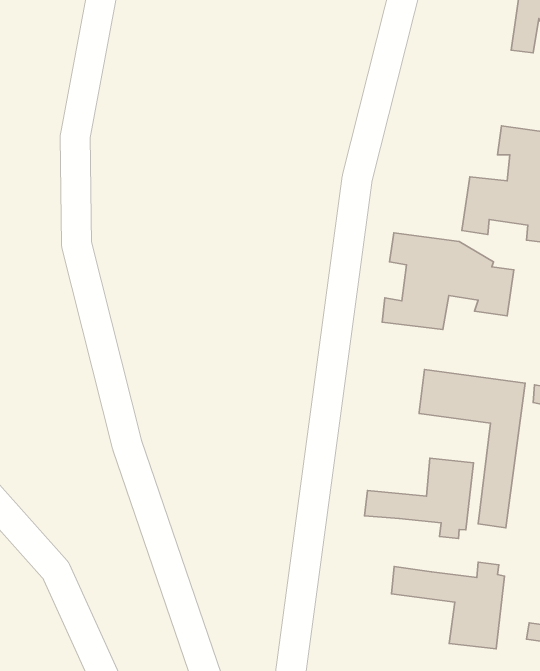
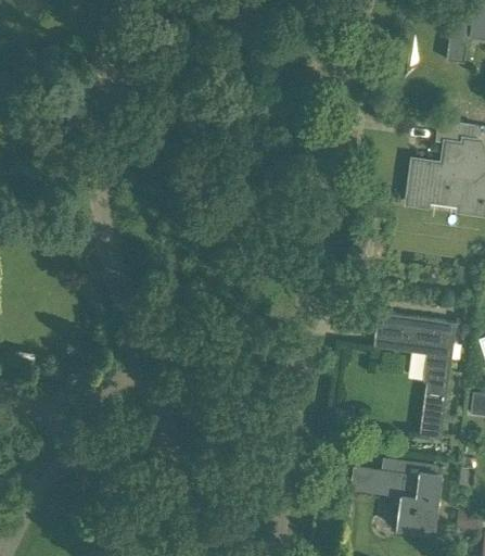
building: [382,233,514,330] -> none
building: [364,458,473,538] -> none

